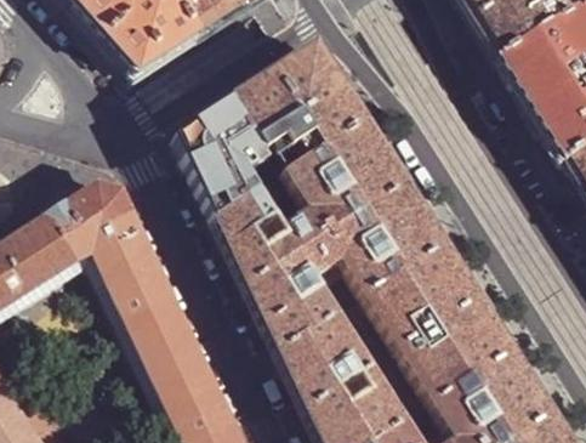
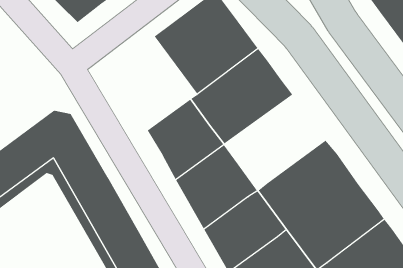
building: [173,95,280,214] -> none
building: [311,181,440,300] -> none

